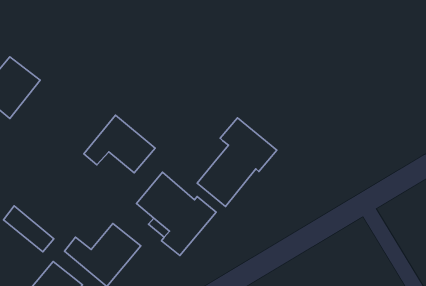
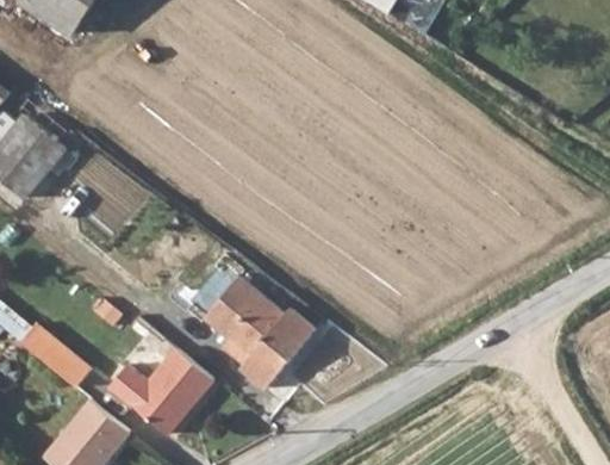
building: [84,115,155,173] -> none
building: [197,118,277,206] -> none

